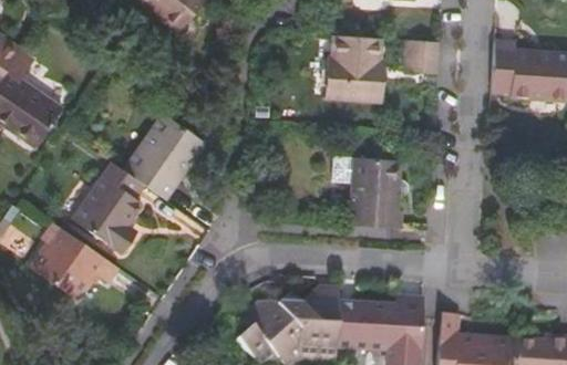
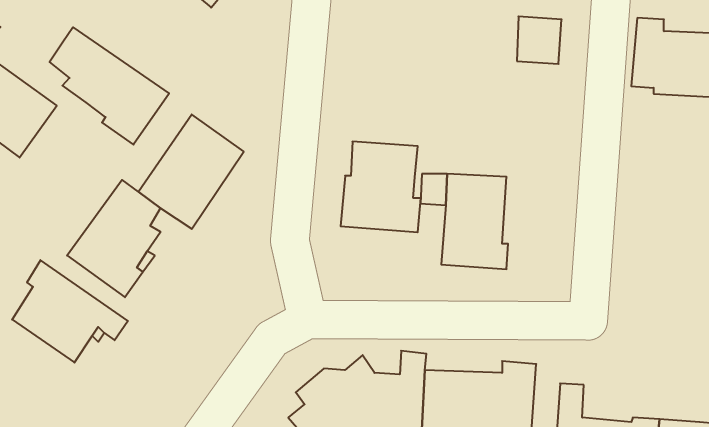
building: [324,34,384,102] -> [341,142,421,232]
building: none -> [50,27,169,145]

